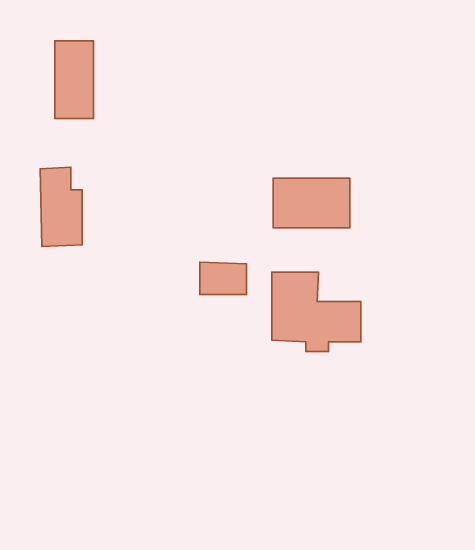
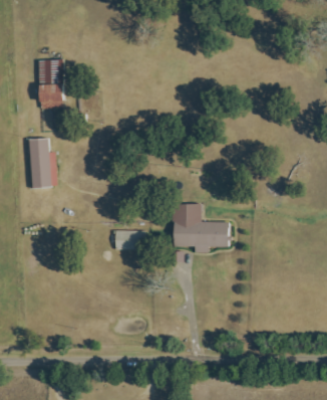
building: [273,178,350,228] -> none
building: [200,262,247,295] -> [115,230,144,250]

